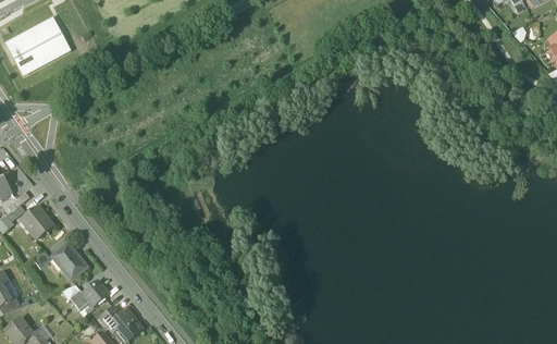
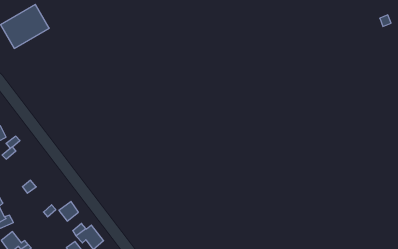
building: [21,205,54,238] -> none
building: [53,243,87,279] -> none

